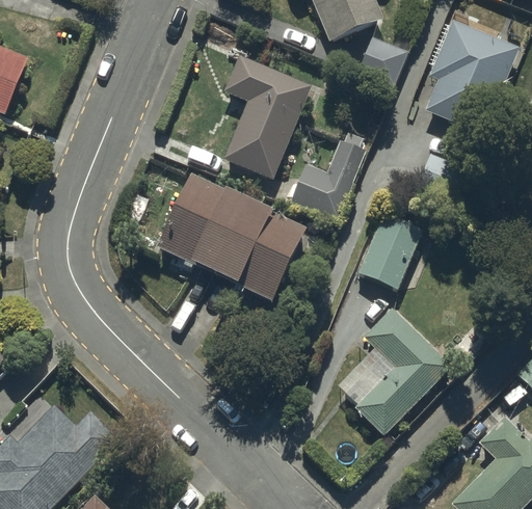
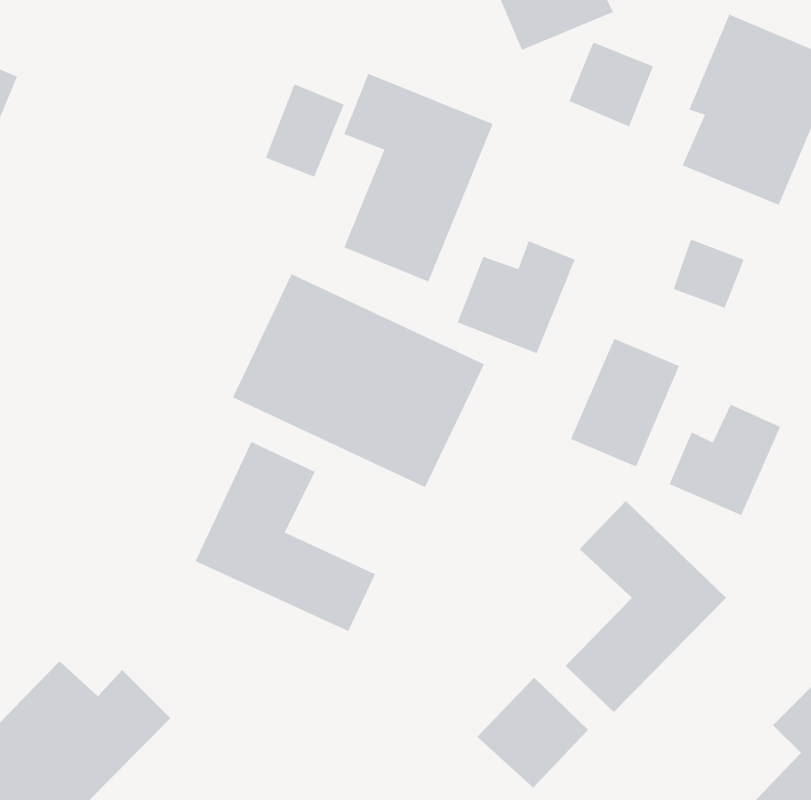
building: none -> [265,84,345,178]
building: none -> [669,404,781,516]
building: none -> [195,441,376,632]
building: none -> [476,677,589,789]

